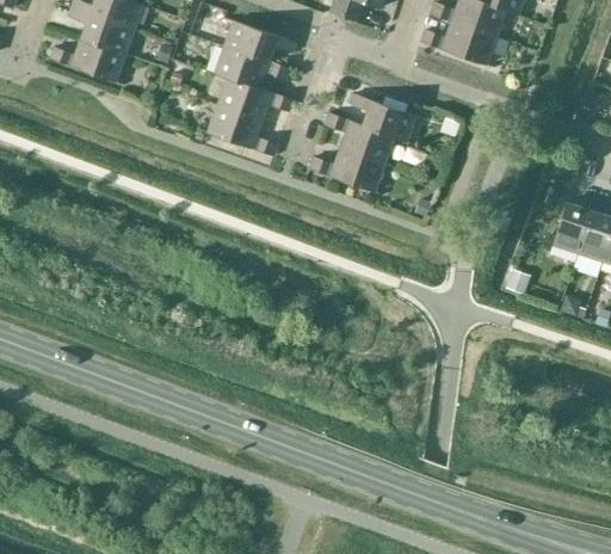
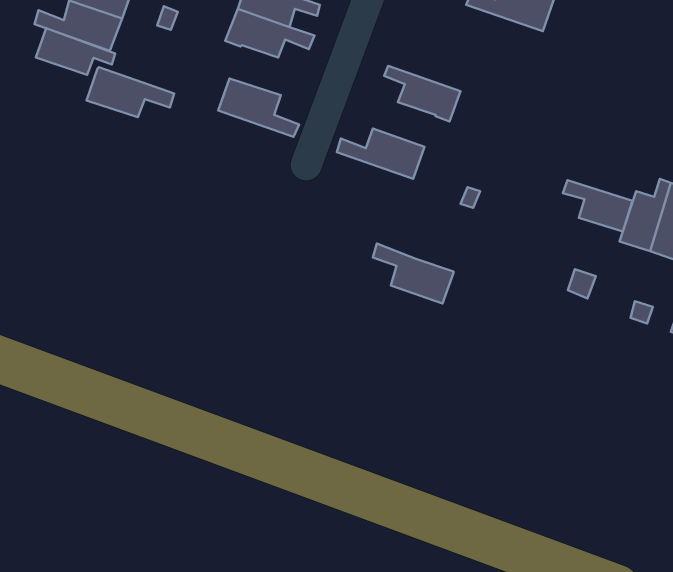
building: none -> [36,28,115,75]
building: [217,76,292,119] -> [86,67,174,117]
building: [325,112,394,164] -> [373,244,454,303]
building: none -> [563,180,632,231]

